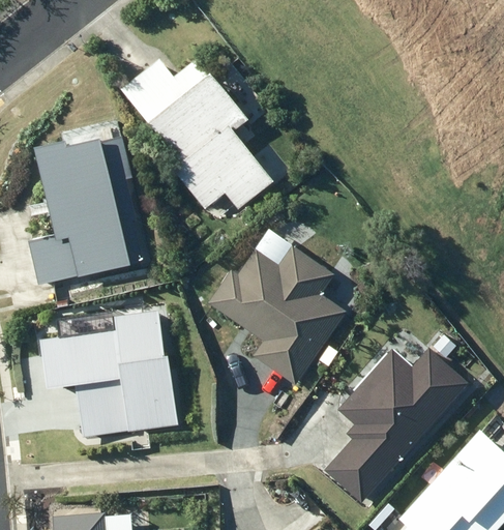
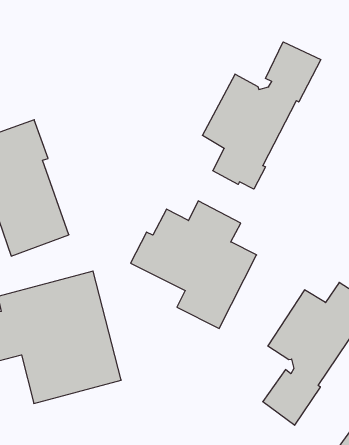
building: [119,56,275,210] -> none
building: none -> [202,42,321,189]

